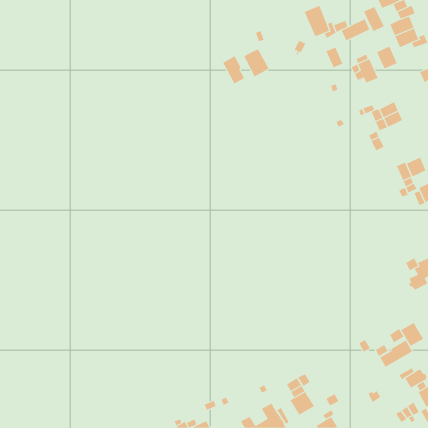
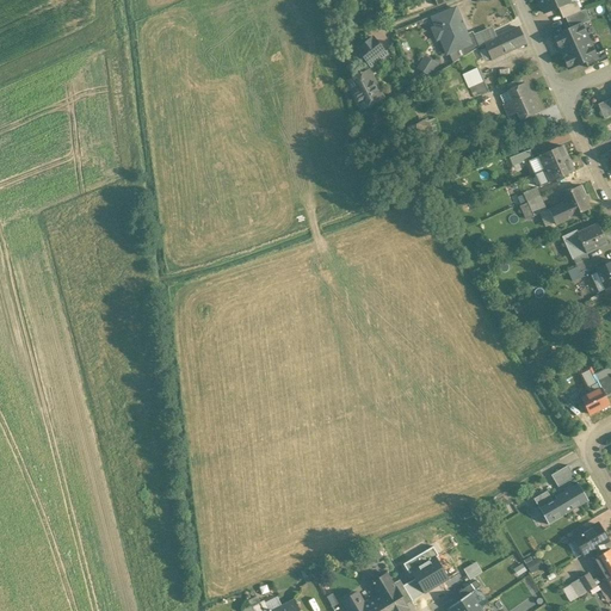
building: [364,6,384,32] -> none
building: [377,46,398,69] -> none
building: [222,56,245,84] -> none
building: none -> [550,185,591,223]
building: [400,322,424,347] -> none

